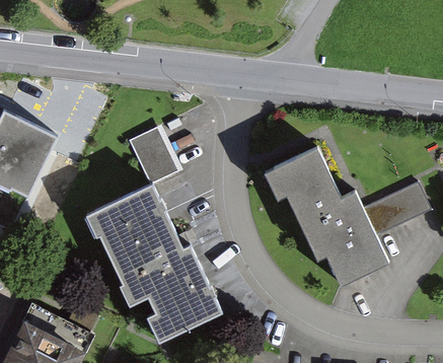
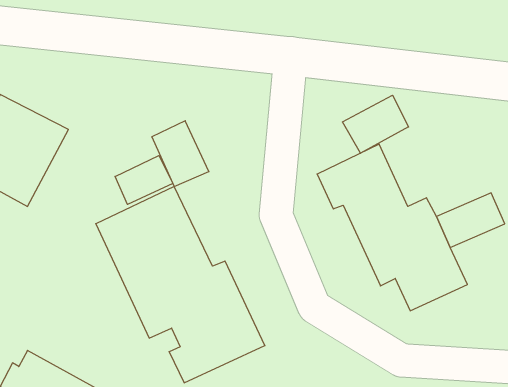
building: none -> [342,95,409,153]
building: none -> [115,156,173,204]

